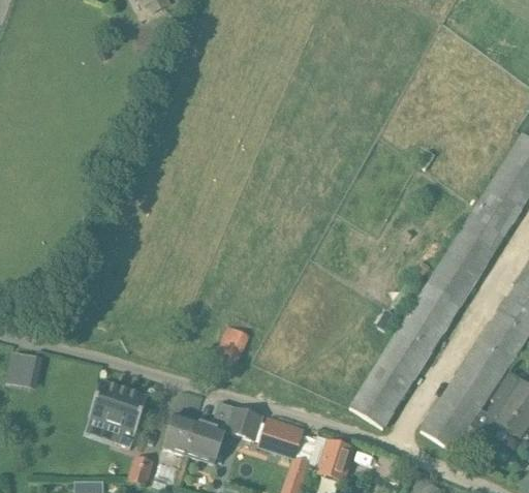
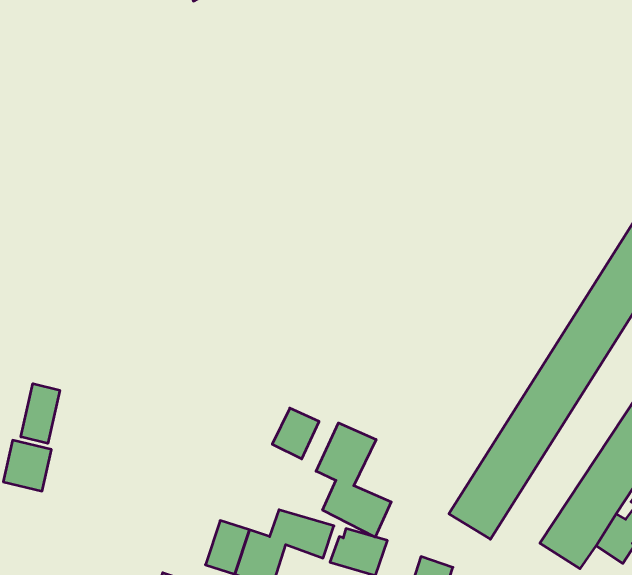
building: none -> [21,384,60,443]
building: none -> [316,423,391,537]
building: [89,381,148,448] -> none

